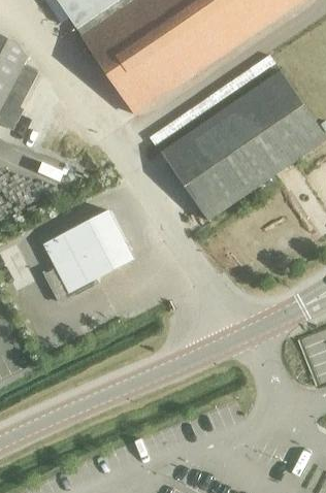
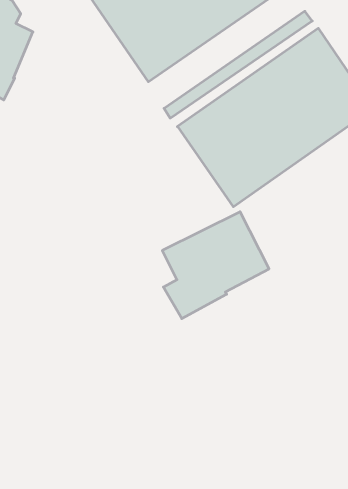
building: [42,210,133,301] -> [162,212,269,319]

